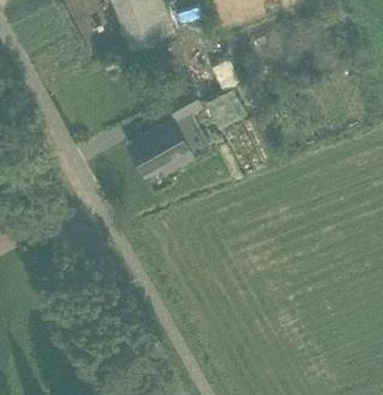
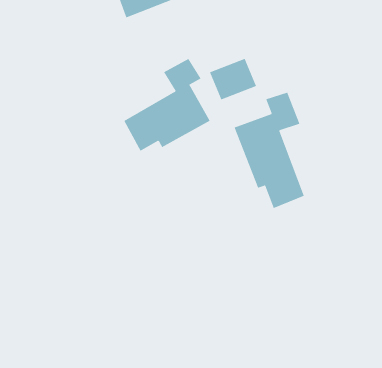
building: none -> [234,92,305,209]

